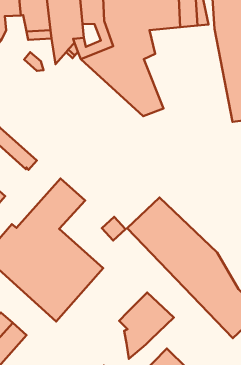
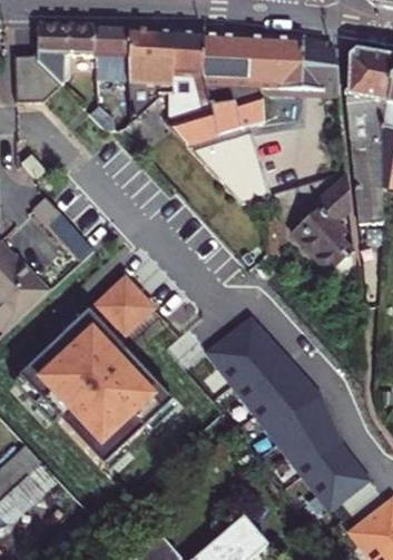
building: none -> [292,176,355,284]
building: [119,292,174,359] -> none

